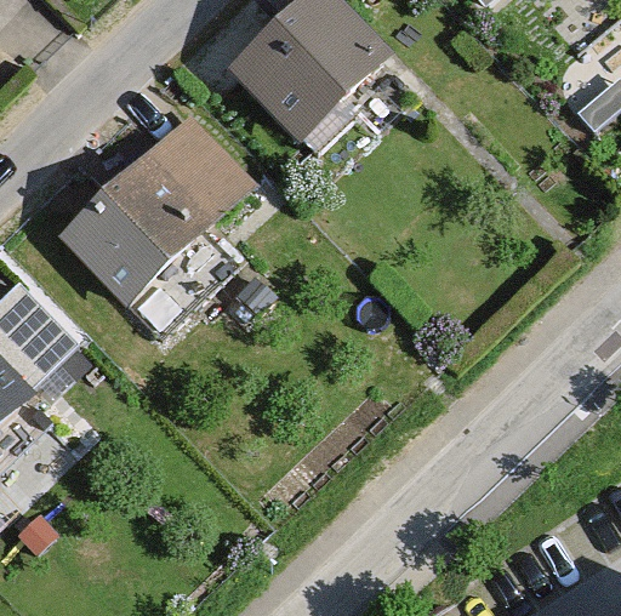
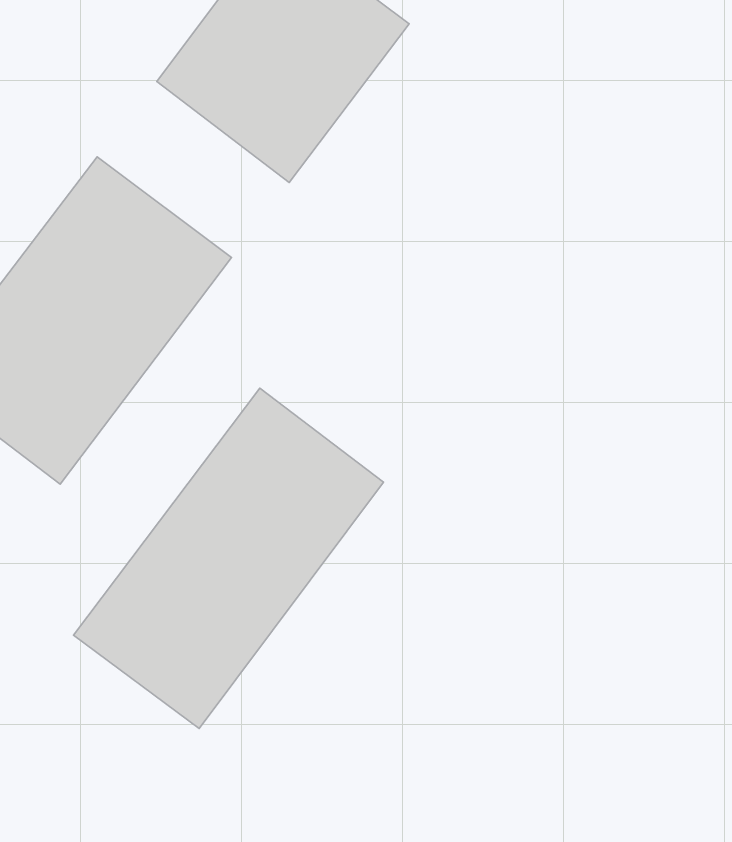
building: none -> [74,388,384,729]

